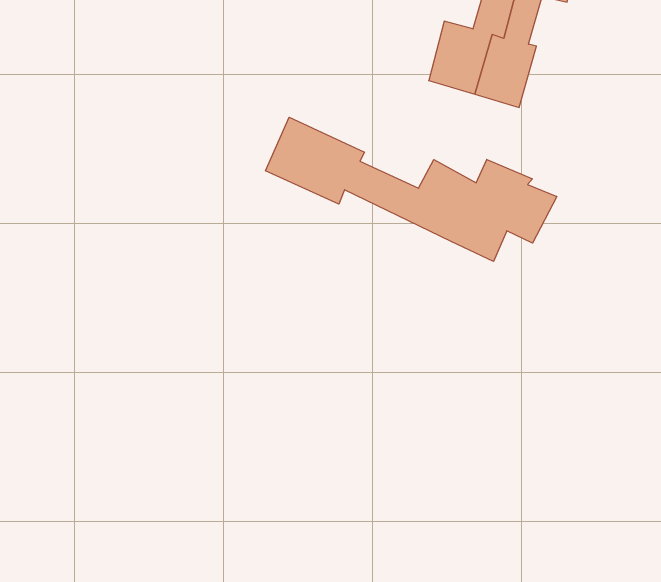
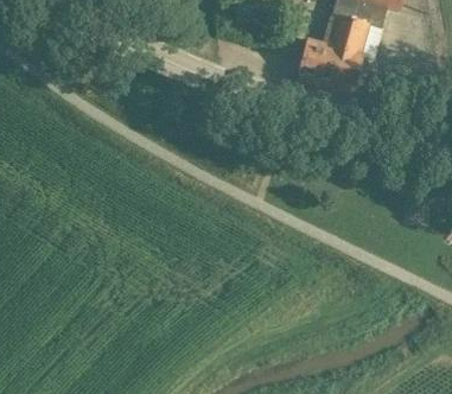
building: [266,117,557,261] -> none

